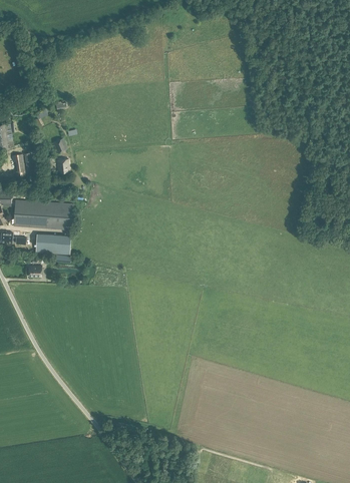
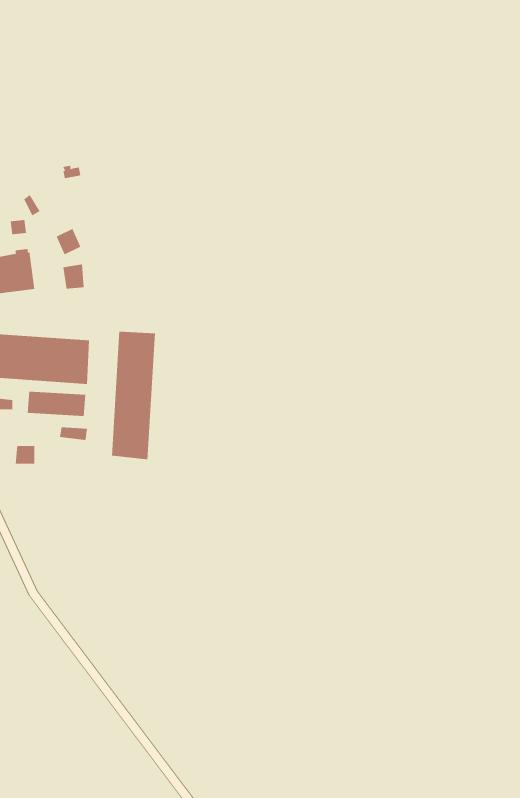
building: none -> [111,331,155,460]

